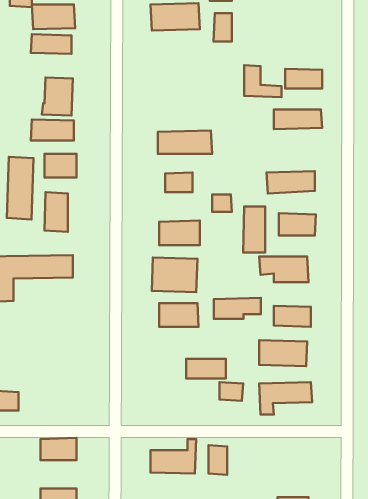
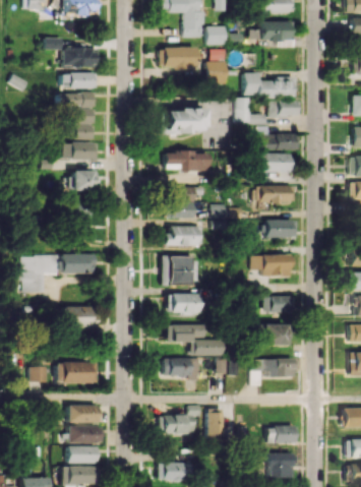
building: none -> [245,72,296,98]
building: none -> [58,93,94,107]
building: none -> [161,110,206,133]
building: none -> [260,153,290,172]
building: [7,157,34,219] -> none
building: none -> [166,203,193,218]
building: [243,207,265,252] -> none
building: [214,298,261,319] -> [165,324,203,342]
building: none -> [66,306,98,328]
building: none -> [162,358,197,376]
building: none -> [57,362,98,383]
building: none -> [68,426,103,443]
building: none -> [263,426,292,444]

